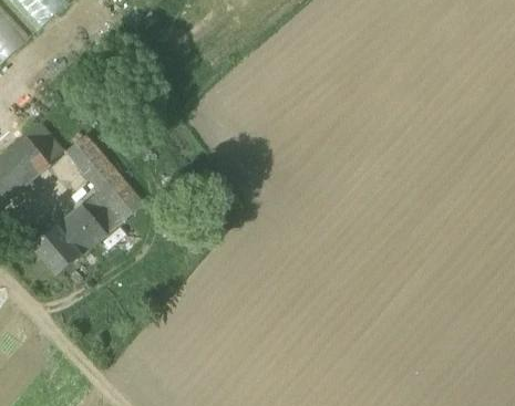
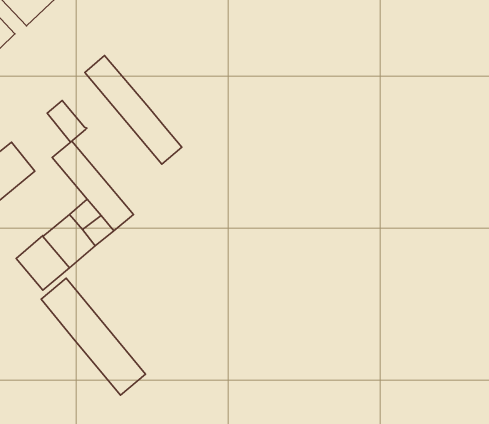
building: none -> [85,55,182,164]
building: [23,125,61,165] -> [47,100,87,142]
building: none -> [41,278,145,395]

